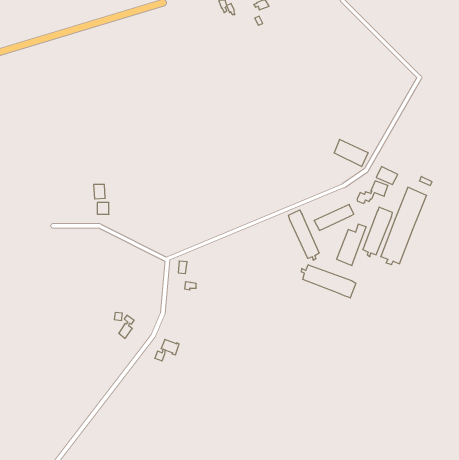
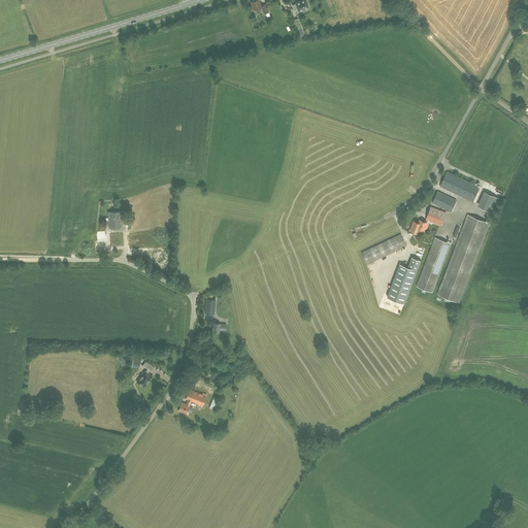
building: [334,139,368,166] -> [439,171,478,202]
building: [289,210,319,260] -> none
building: [301,265,356,298] -> none

